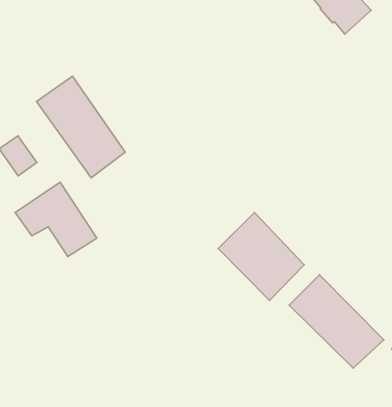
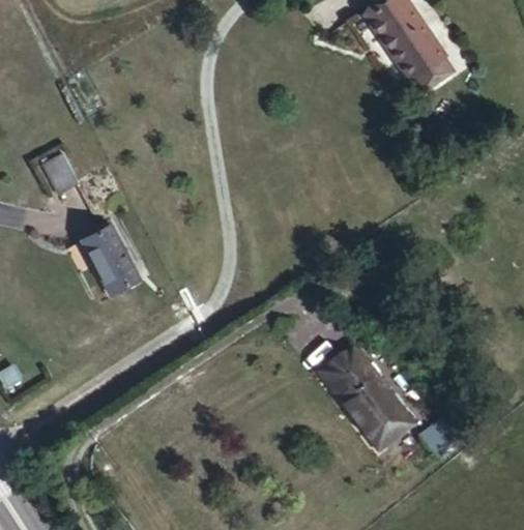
building: [37,76,125,178] -> none
building: [218,213,304,300] -> none

